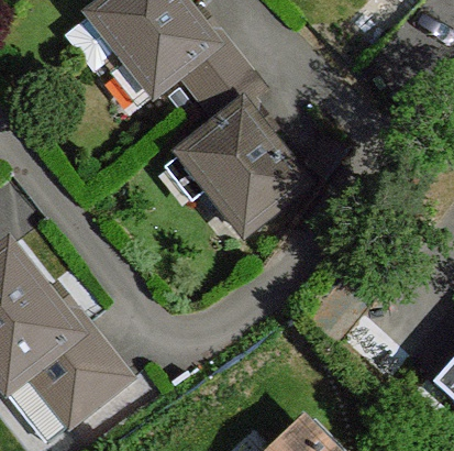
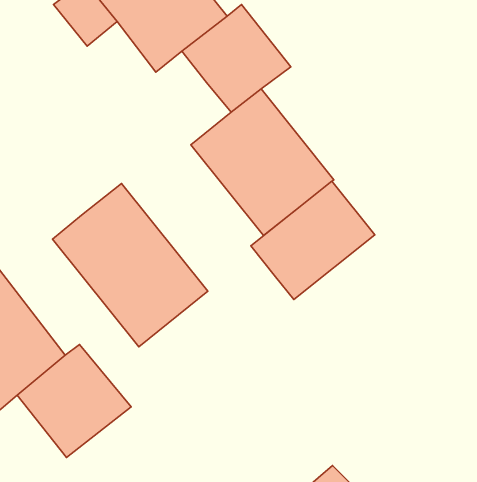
building: none -> [251,181,375,299]
building: none -> [53,184,208,347]

